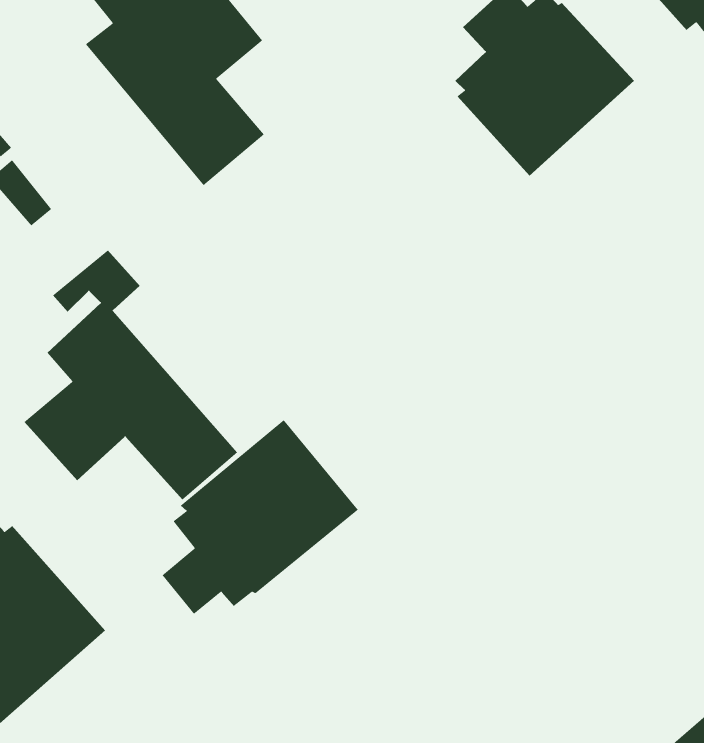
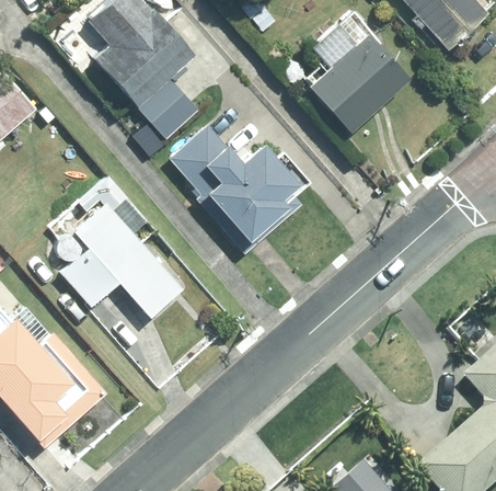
building: none -> [169,125,309,253]
building: [161,419,359,615] -> none

